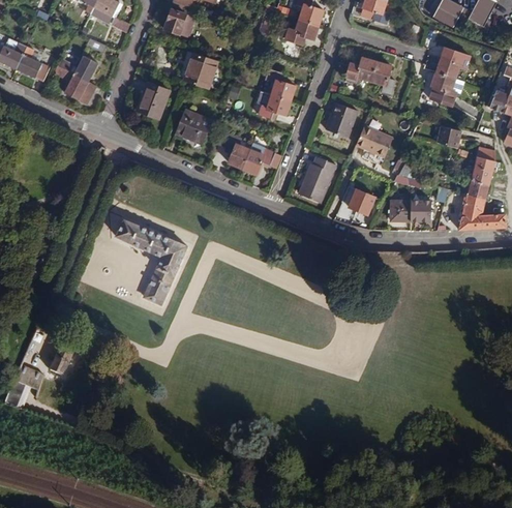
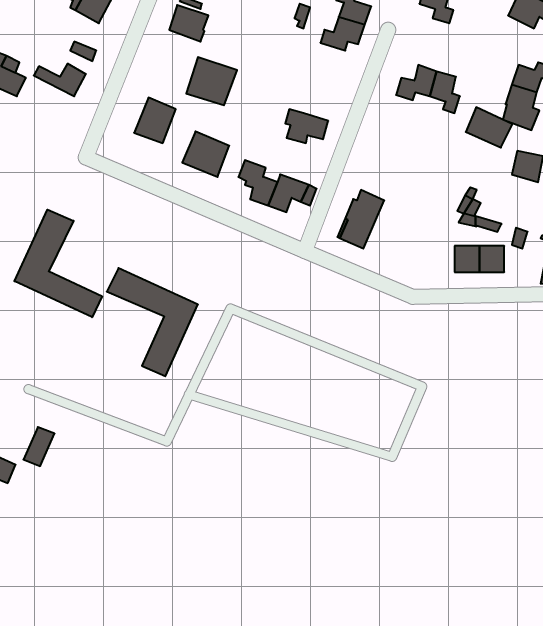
building: [54,64,96,103] -> none
building: [265,68,296,100] -> none
building: [326,101,357,137] -> none
building: [356,124,393,156] -> [466,107,513,148]
building: none -> [14,210,102,317]
building: [342,184,377,215] -> none

